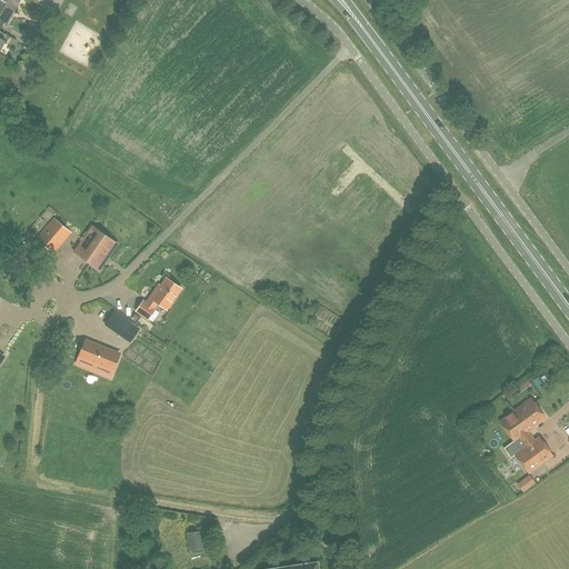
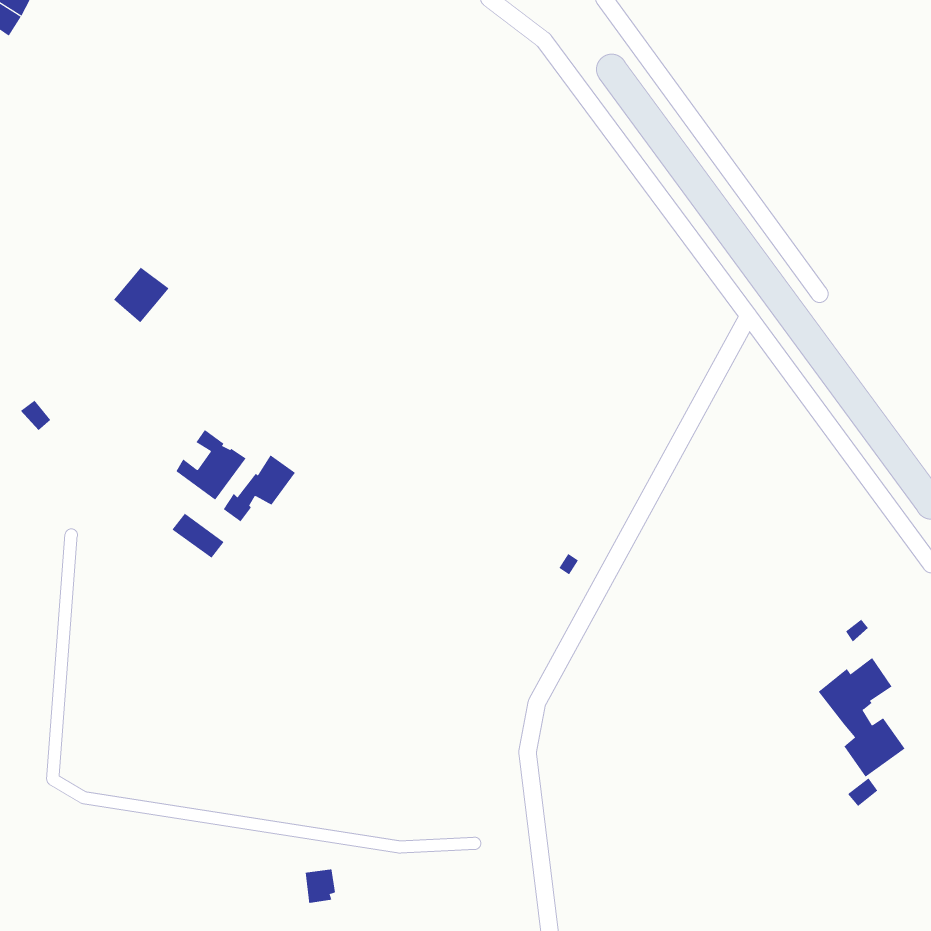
building: [36,218,70,252] -> [113,267,170,323]
building: [73,226,117,269] -> [175,429,247,500]
building: [78,340,118,369] -> none

